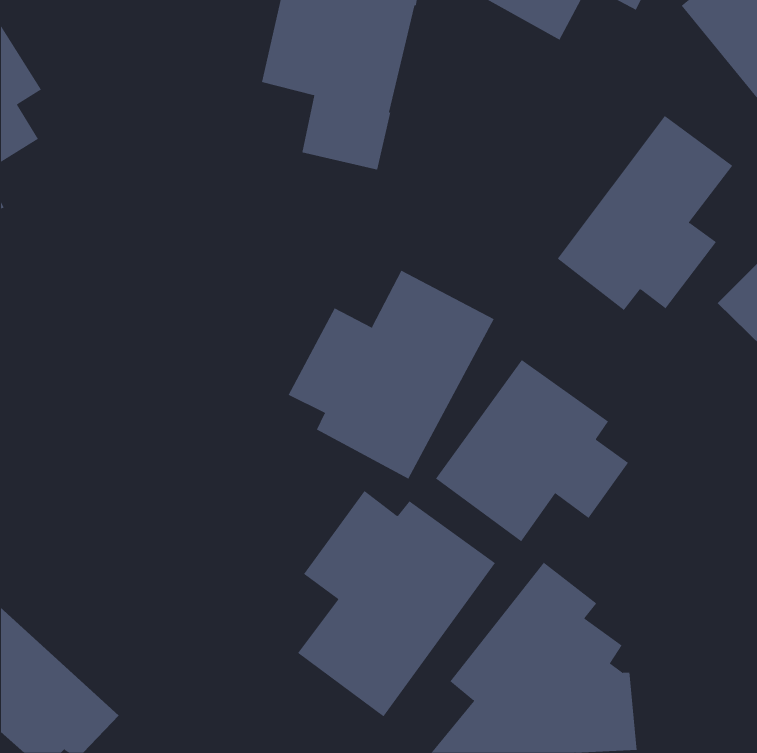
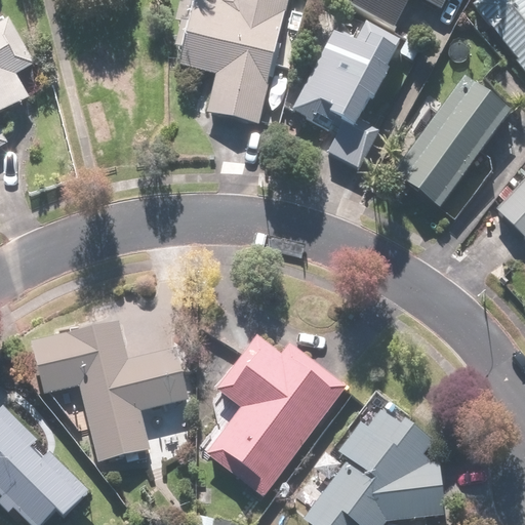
building: none -> [290,26,396,175]
building: [288,270,494,480] -> none
building: [435,359,629,542] -> none
building: none -> [28,320,187,462]

